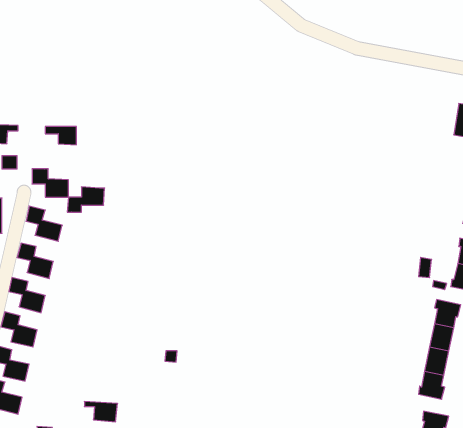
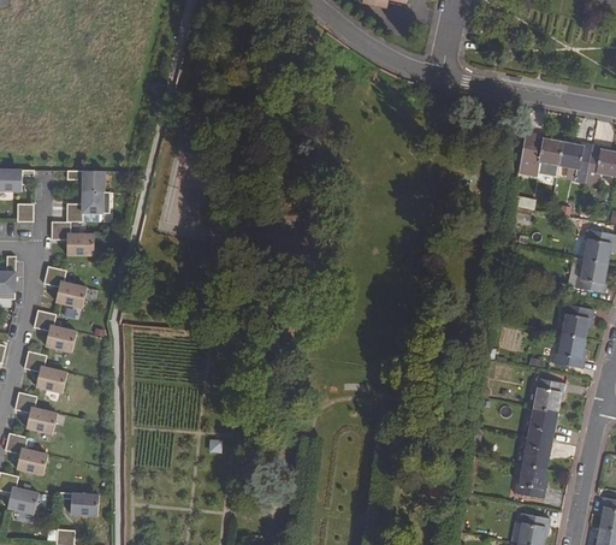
building: none -> [520,132,562,180]
building: [67,187,105,212] -> [66,191,111,221]
building: [84,402,118,422] -> [60,493,100,517]

